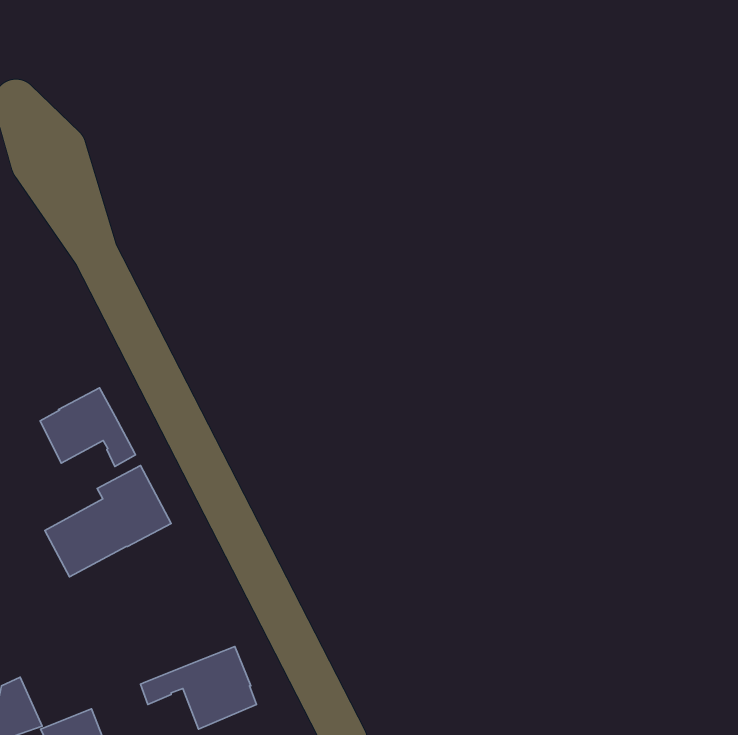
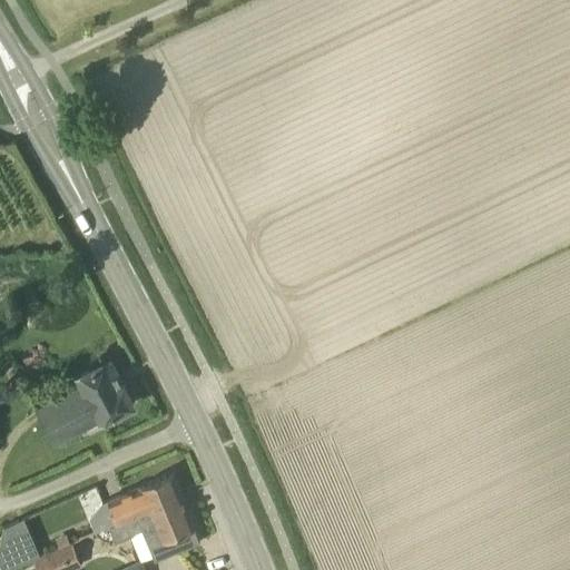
building: [40,388,136,467] -> none
building: none -> [107,478,180,529]

